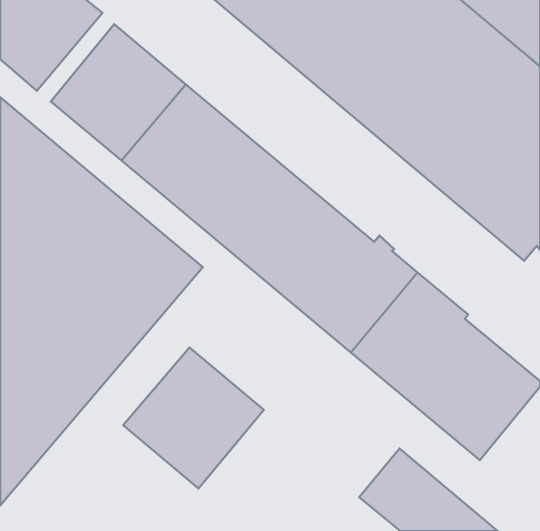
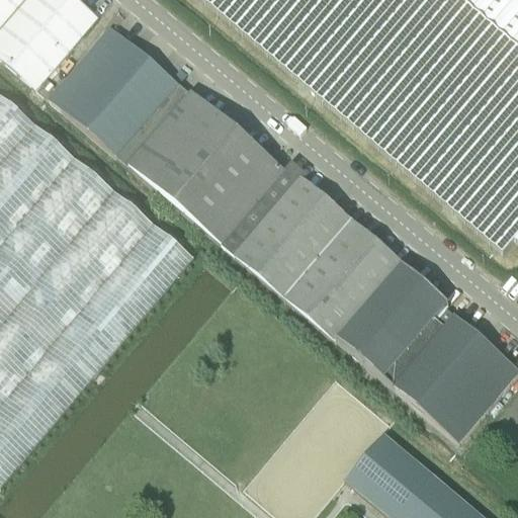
building: [123,348,264,488] -> none

